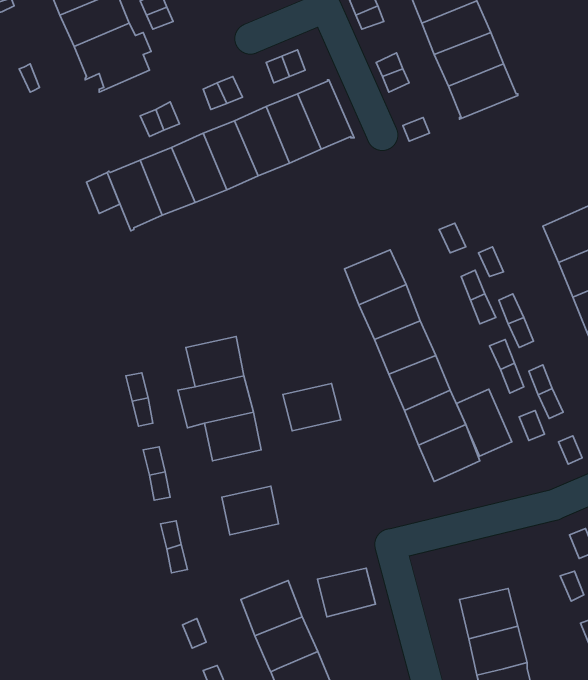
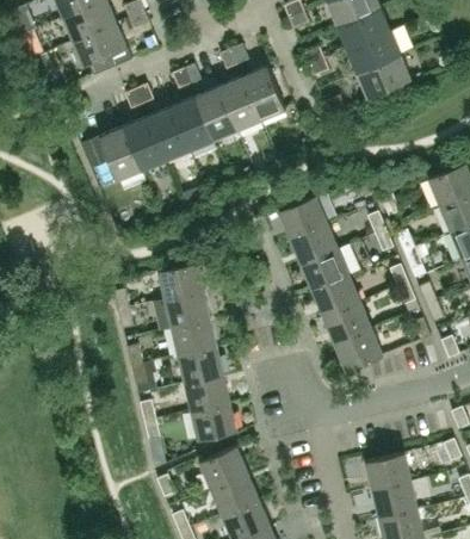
building: [283,384,341,431] -> [179,348,223,384]
building: [457,389,512,456] -> none
building: [317,568,376,617] -> [192,404,236,441]

